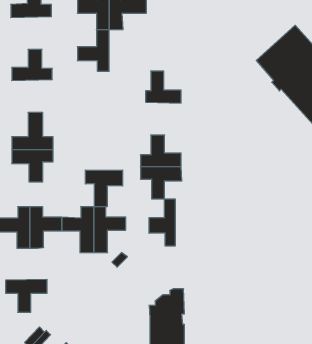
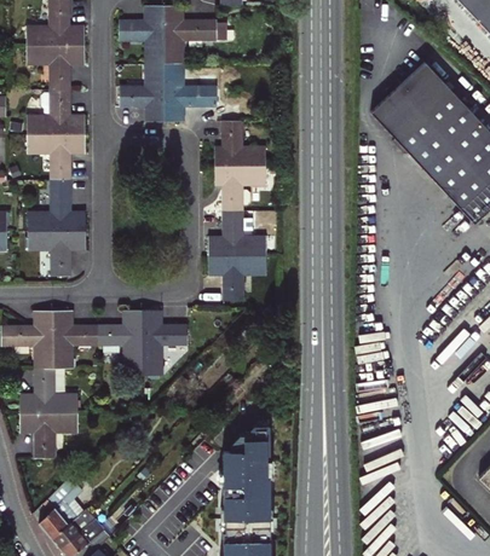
building: none -> [27,45,83,91]
building: none -> [165,63,218,121]
building: none -> [28,133,85,179]
building: none -> [215,164,265,210]
building: [85,170,123,207] -> none
building: [149,199,175,246] -> none
building: none -> [19,369,77,413]

